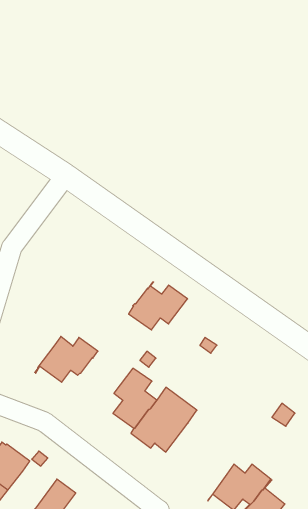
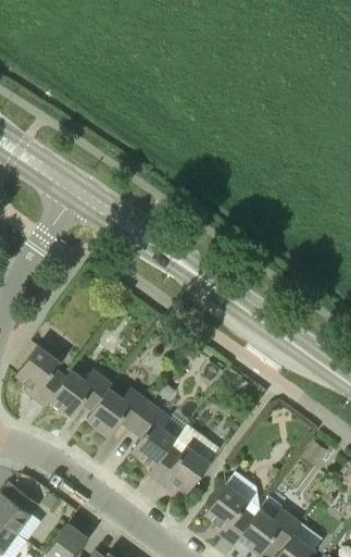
building: [129,282,188,330] -> [87,384,151,436]
building: none -> [15,345,73,407]
building: none -> [203,483,253,546]

